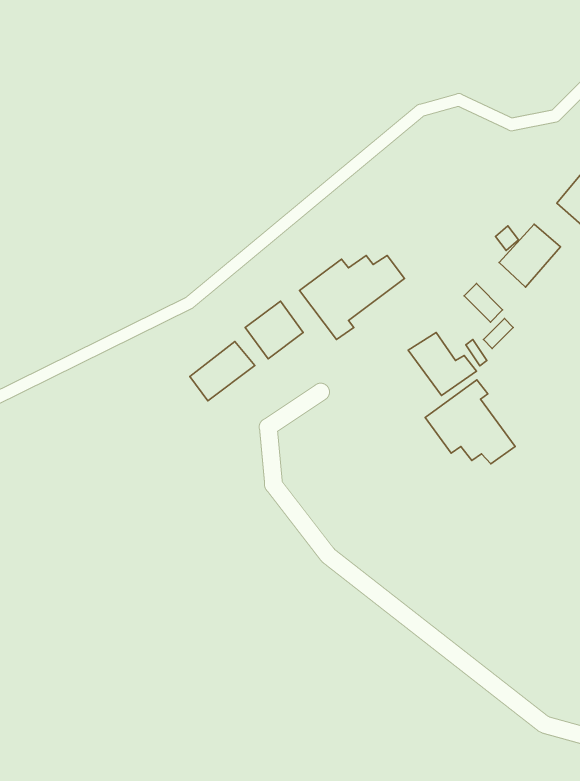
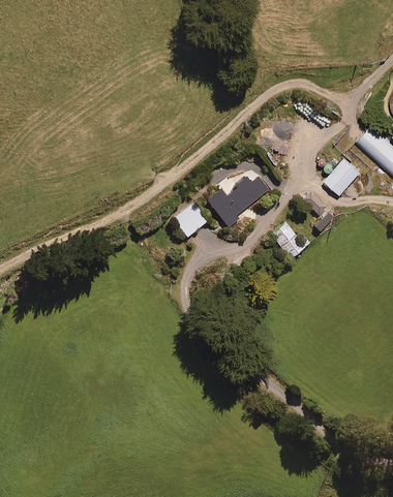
building: [190,342,255,401] -> none
building: [425,380,515,464] -> none

